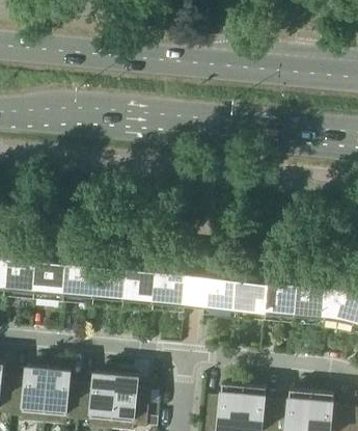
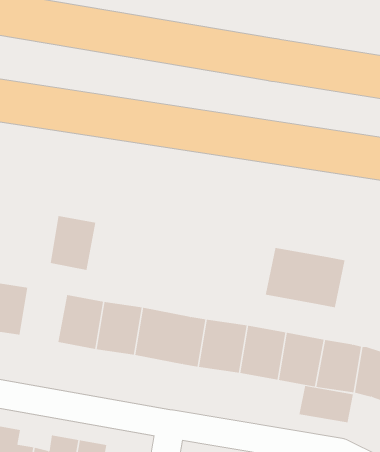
building: none -> [265,247,345,308]
building: [64,261,98,301] -> [50,215,96,270]
building: none -> [299,385,354,423]

